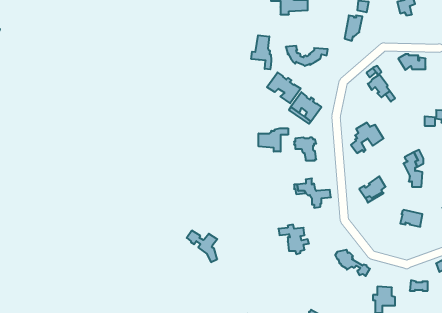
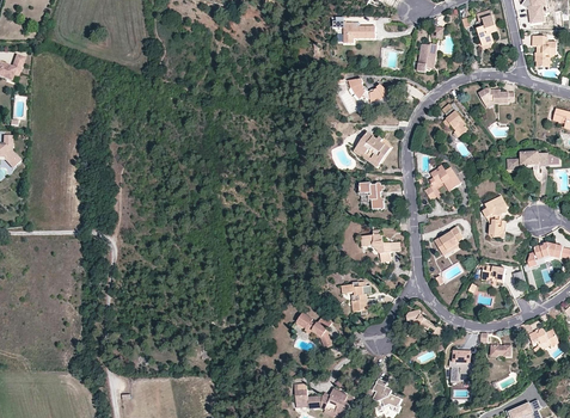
building: [251,35,271,69] -> none
building: [267,72,301,103] -> none
building: [259,128,288,152] -> none
building: [187,231,217,262] -> [296,312,331,348]

